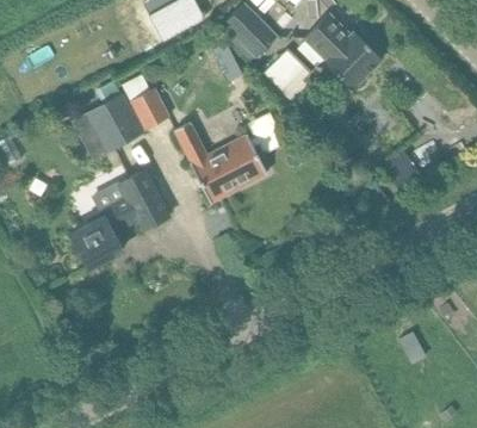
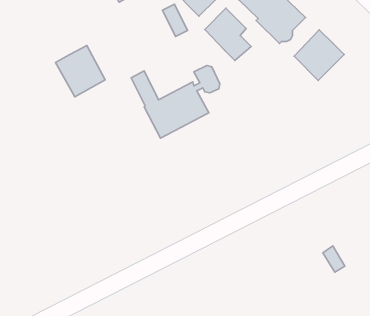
building: none -> [294,30,344,80]
building: [122,74,168,129] -> none
building: [69,172,167,268] -> none

